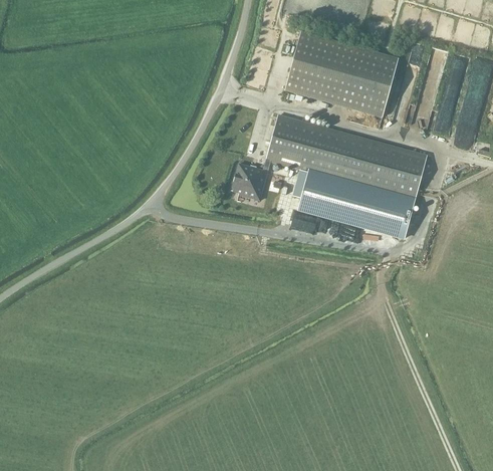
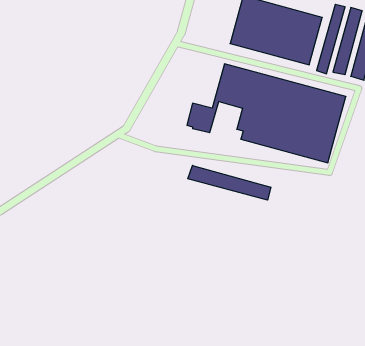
building: none -> [188,165,271,200]

